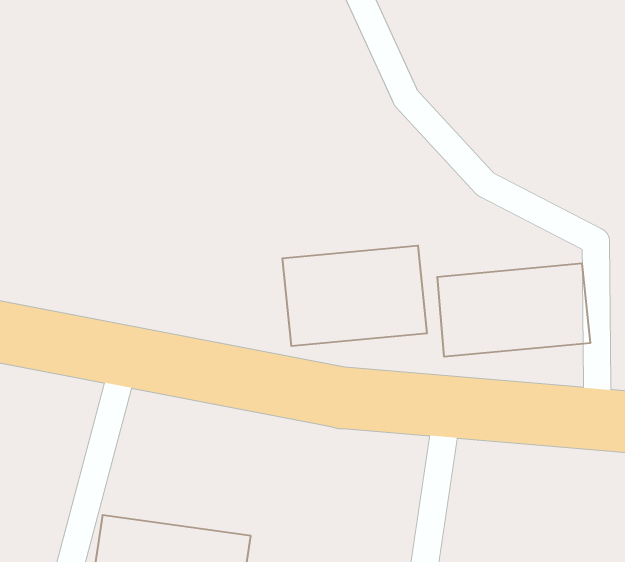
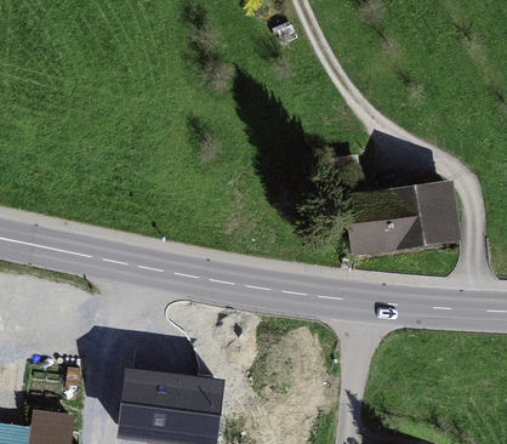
building: [282,245,427,346] -> none

